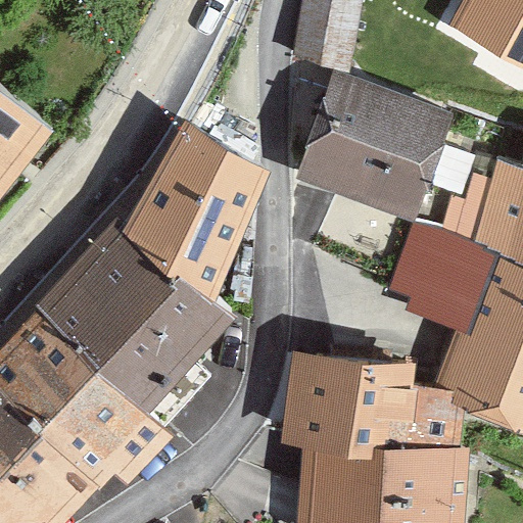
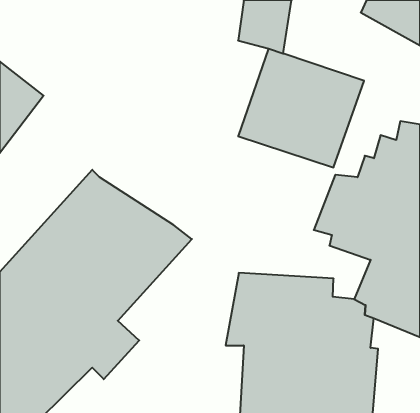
building: [124,117,270,289] -> none

